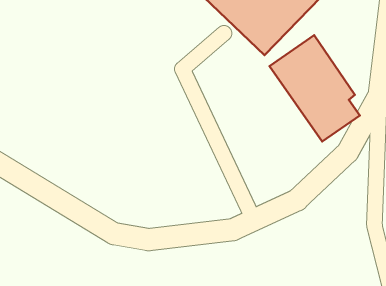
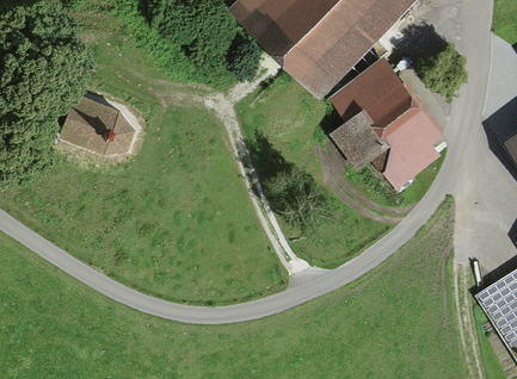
building: none -> [61,97,144,161]

